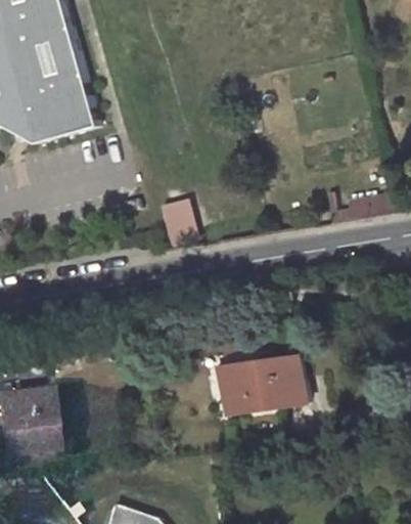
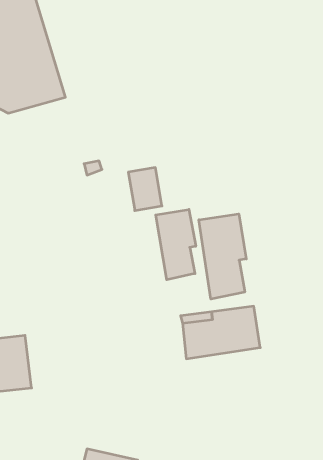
building: none -> [156,209,196,280]
building: none -> [199,214,246,299]

